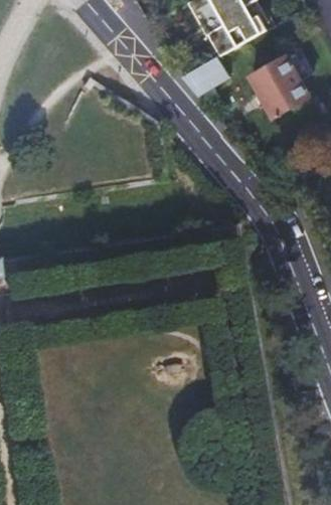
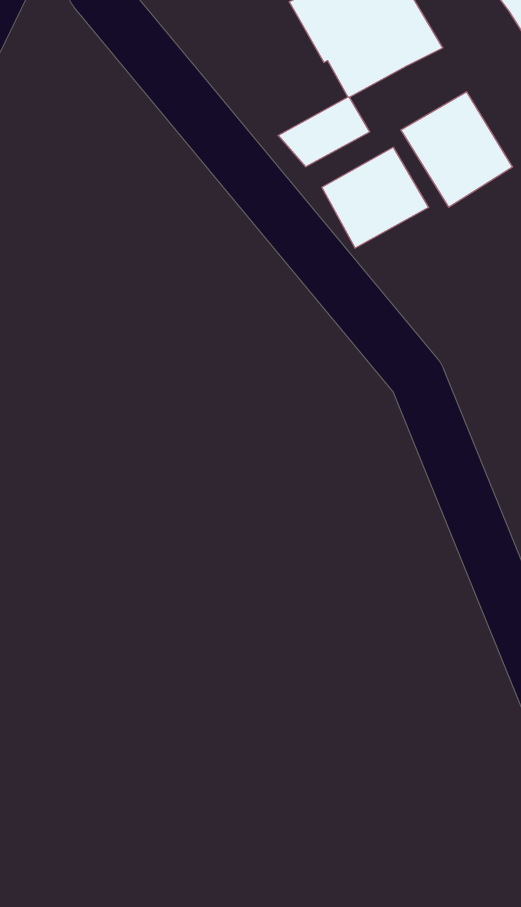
building: none -> [322,147,429,248]

